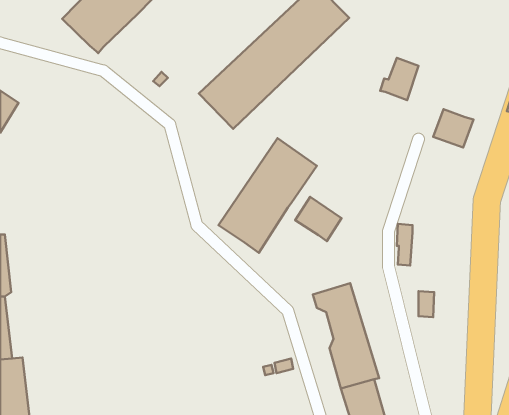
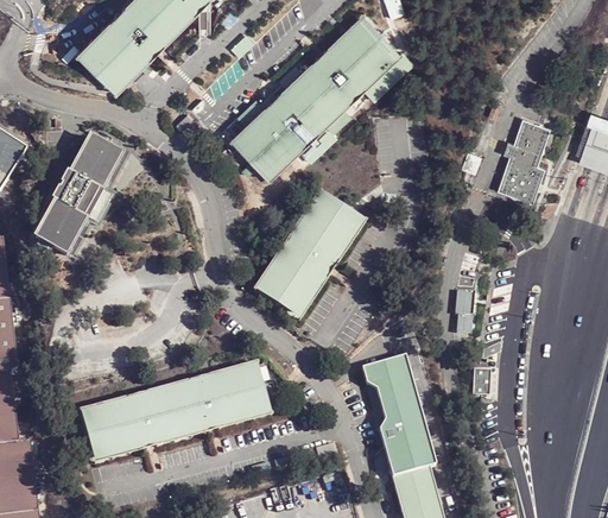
building: [380,58,418,100] -> [504,118,547,166]
building: none -> [27,132,125,258]
building: [295,197,341,241] -> none
building: none -> [78,362,271,466]

